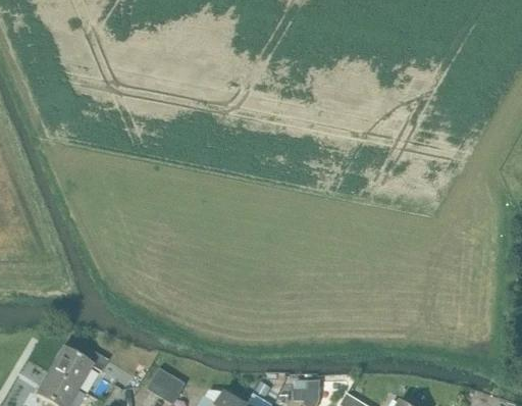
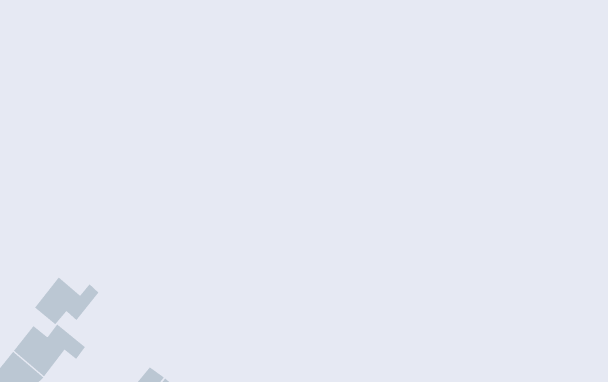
building: none -> [34,276,99,325]

